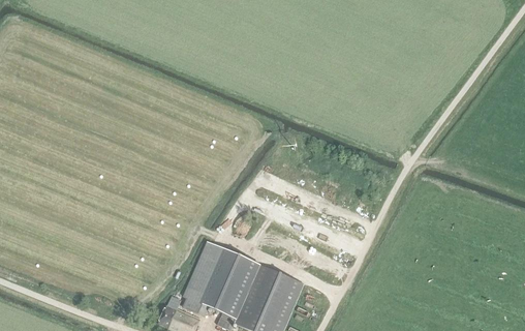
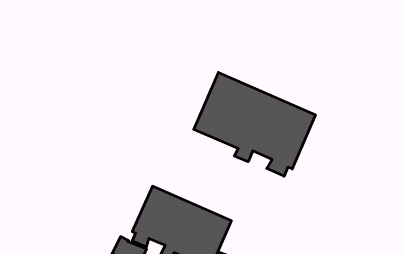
building: none -> [194,72,315,176]

